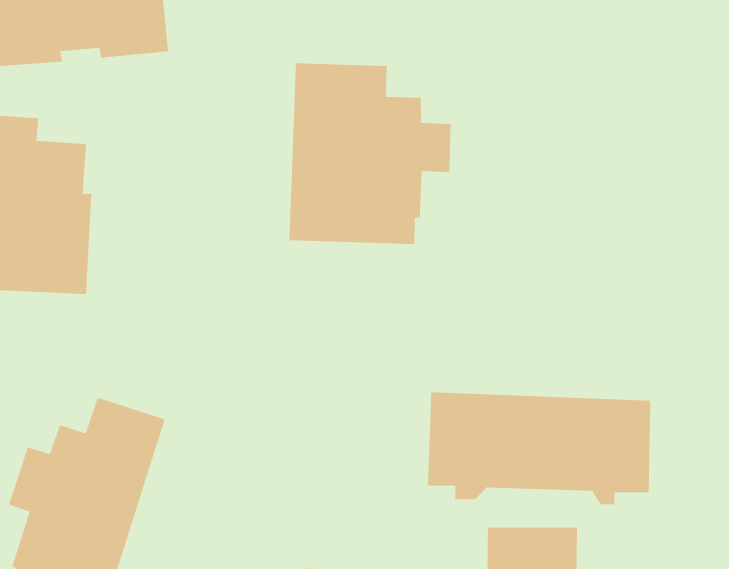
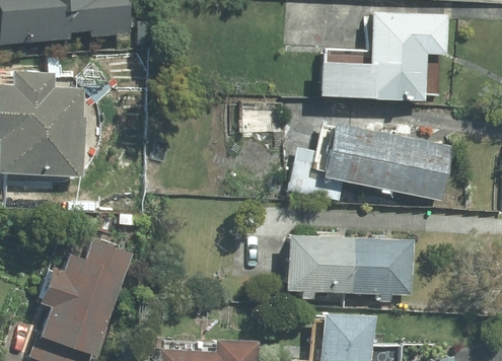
building: none -> [315,11,451,101]
building: [289,63,451,245] -> none
building: none -> [319,123,455,201]

